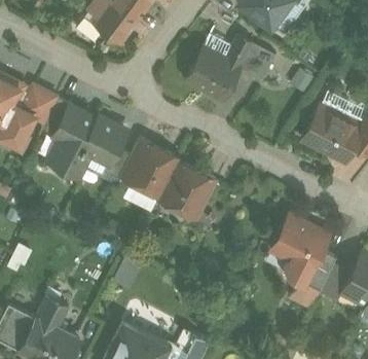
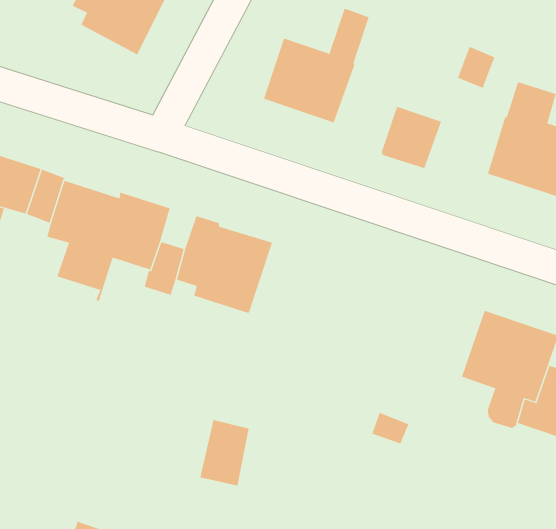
building: [240,43,275,80] -> [381,106,442,169]
building: [158,159,218,215] -> none

